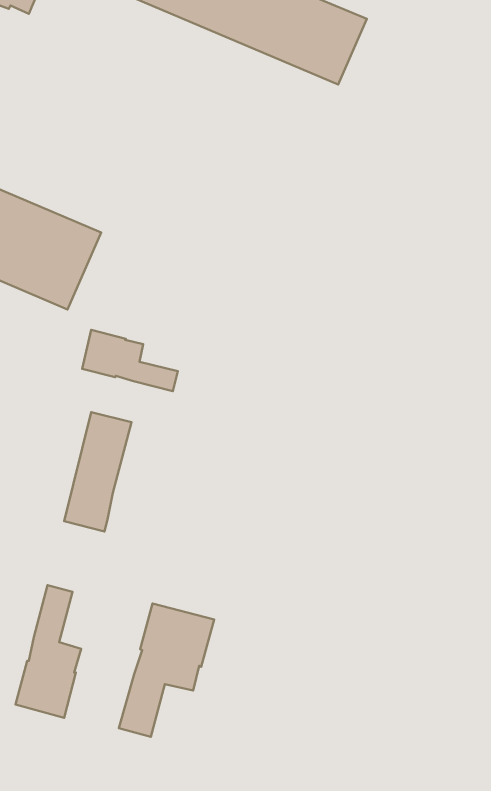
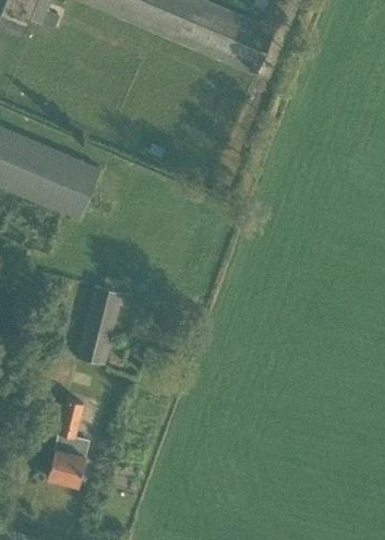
building: [82,330,178,391] -> none
building: [119,603,214,737] -> none

